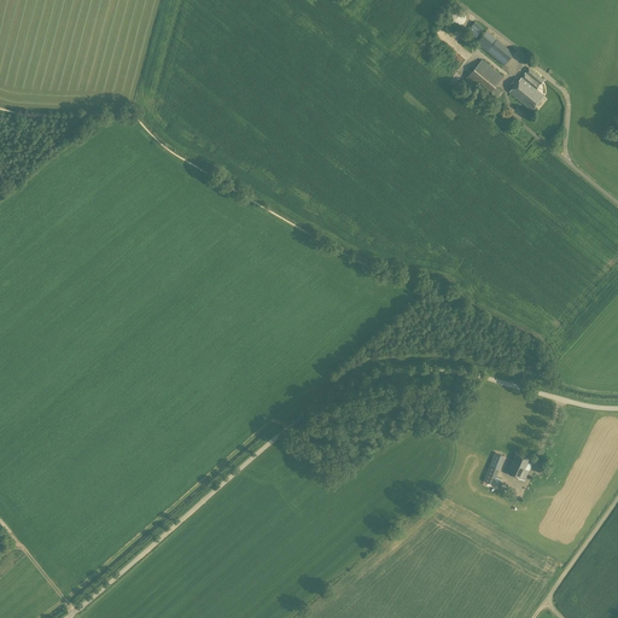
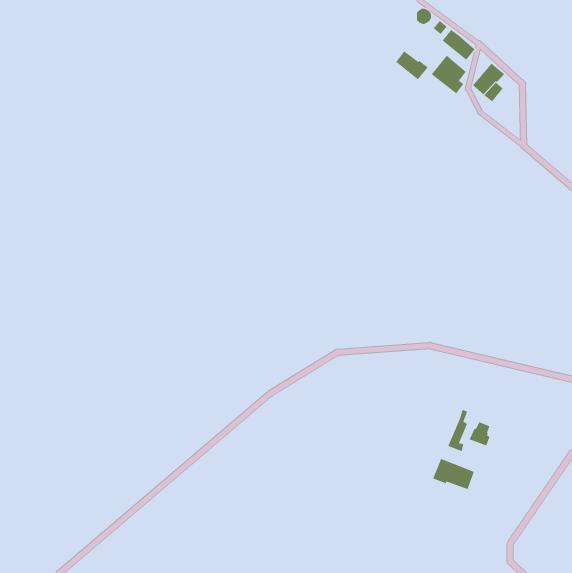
building: none -> [395,51,428,80]
building: none -> [432,458,474,490]

